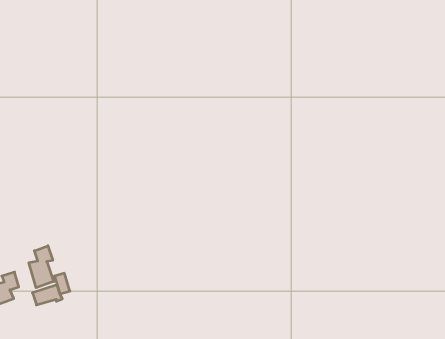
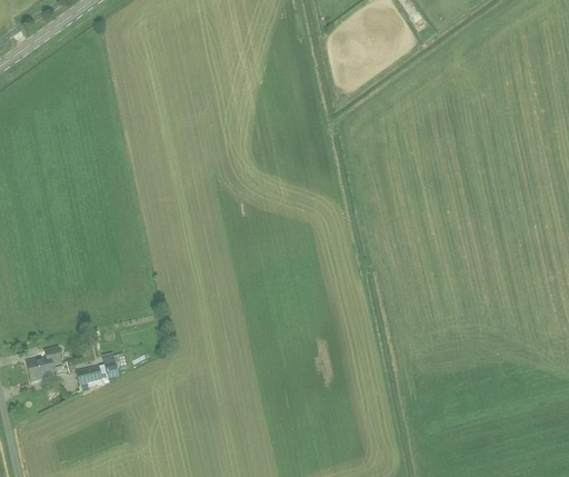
building: [29,246,54,288] -> none

